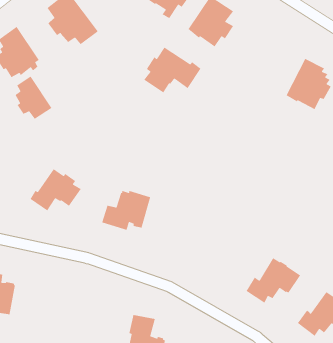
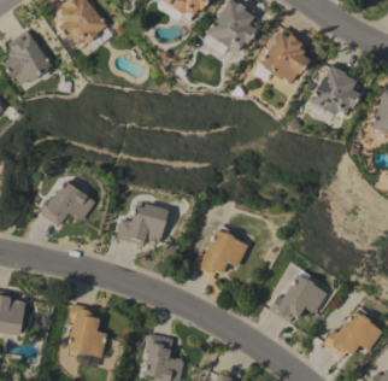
building: none -> [260,28,310,82]
building: [143,47,202,94] -> none
building: [14,75,53,120] -> none
building: none -> [192,229,248,279]
building: none -> [67,304,107,357]

